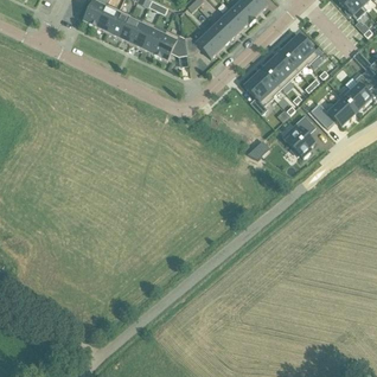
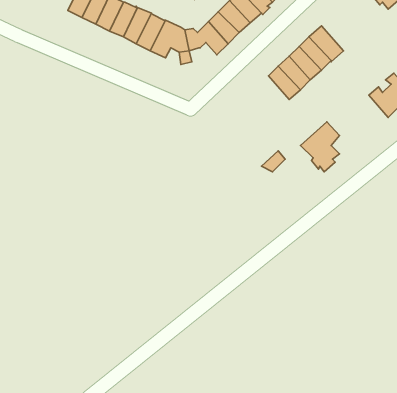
building: [243,77,274,115] -> none
building: [309,94,356,129] -> none

